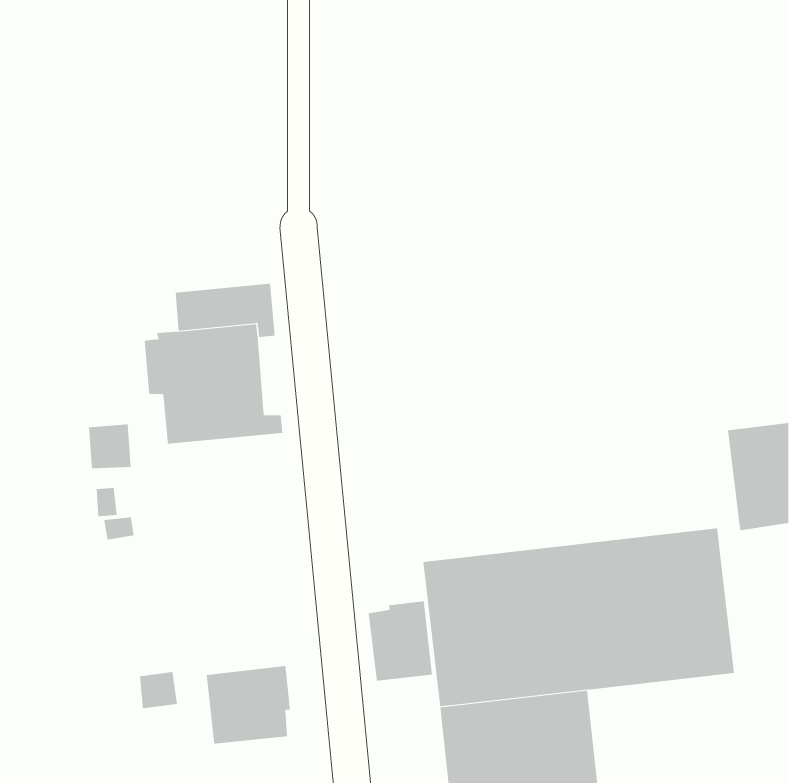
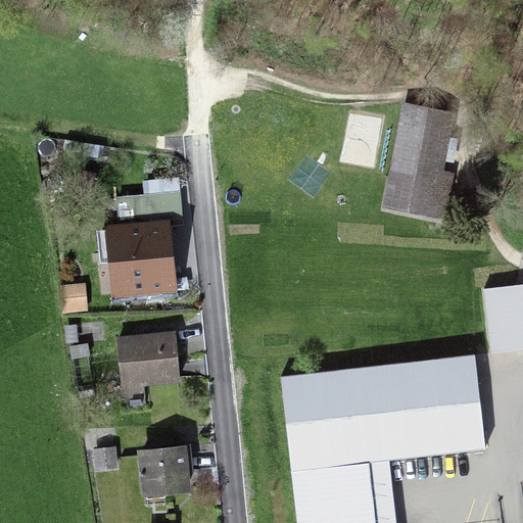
building: none -> [381,108,458,228]
building: none -> [105,331,180,403]
building: [368,600,433,682] -> none

